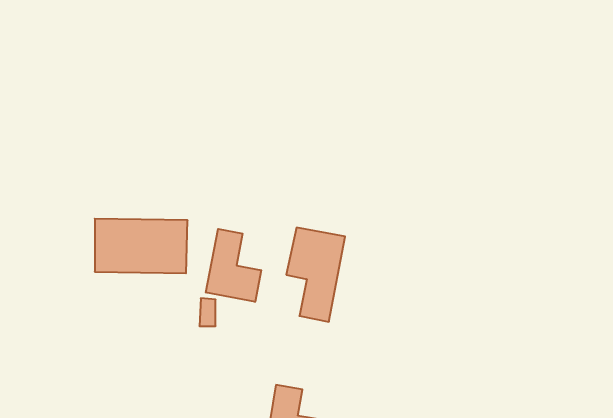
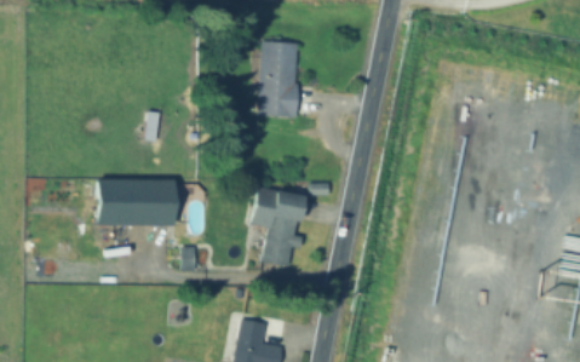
building: none -> [260,41,298,114]
building: [206,229,261,302] -> none

